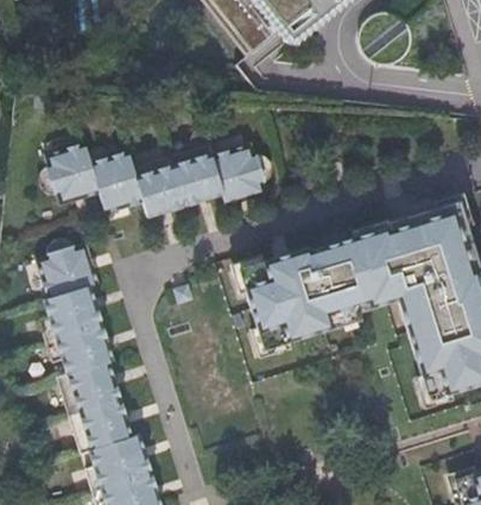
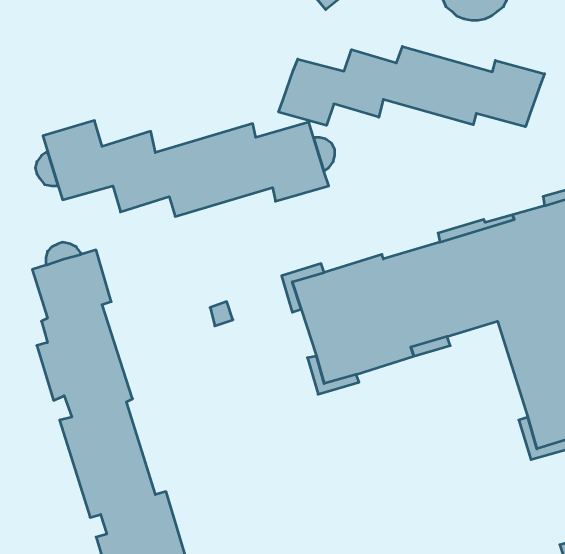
building: none -> [279,46,545,127]

